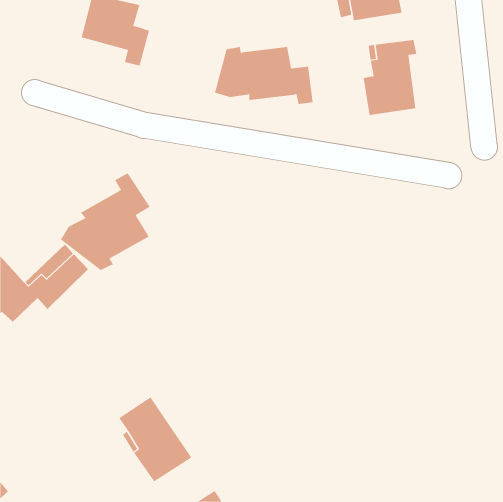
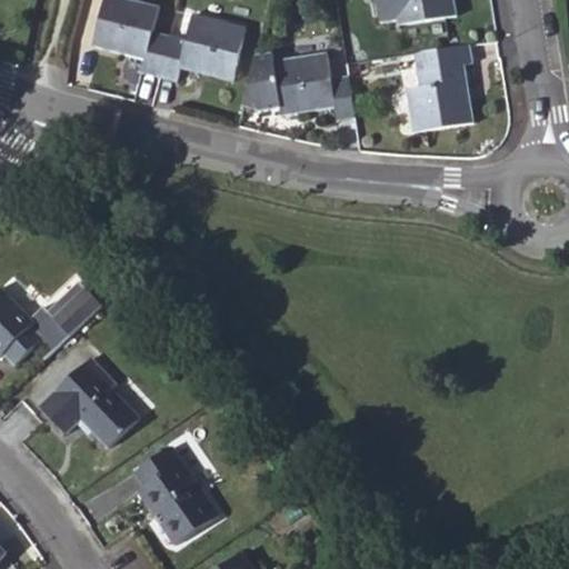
building: none -> [158,14,243,79]
building: [60,172,151,271] -> none
building: none -> [40,357,139,446]

